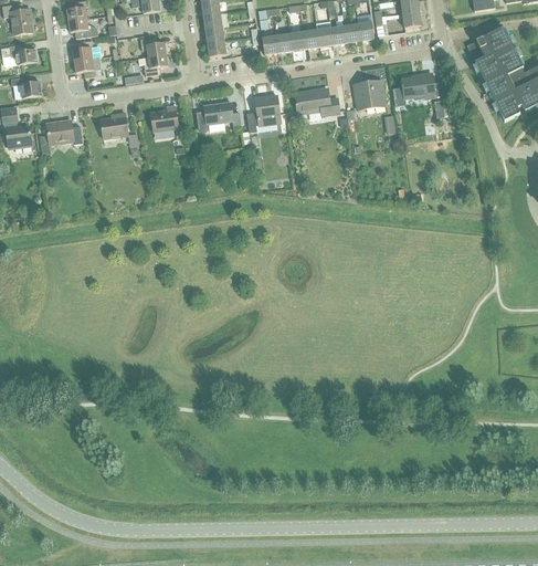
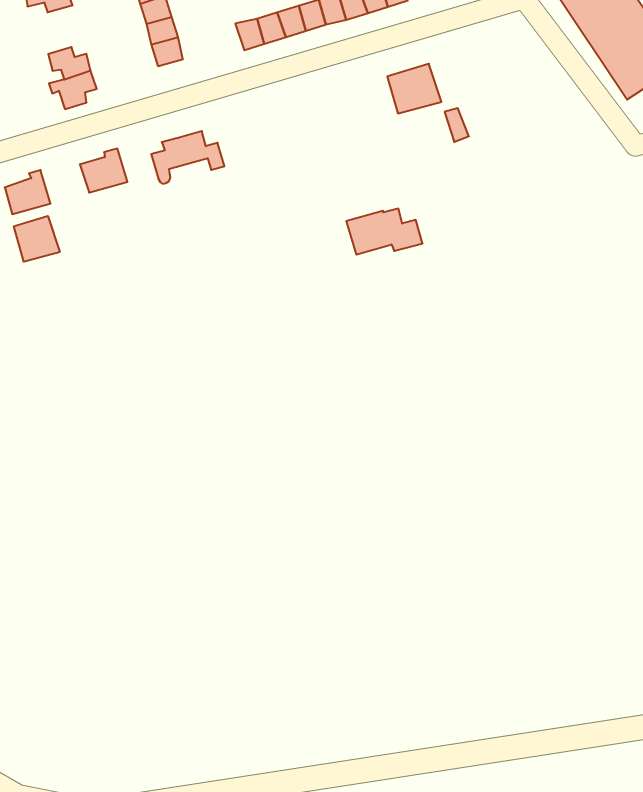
building: [392,73,443,105] -> none
building: [294,88,340,115] -> [346,209,423,255]
building: [246,95,281,132] -> none
building: none -> [14,216,60,262]

